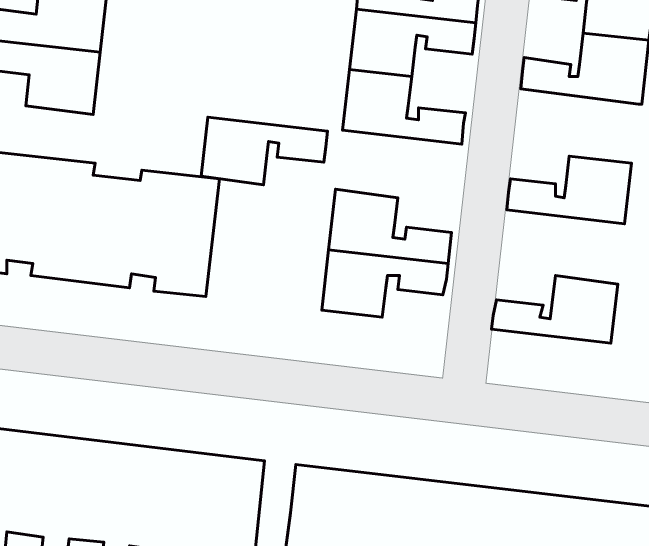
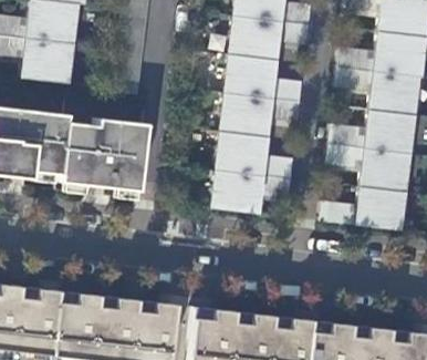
building: none -> [337,66,415,114]
building: [201,117,327,185] -> [221,93,302,136]
building: none -> [327,144,406,192]

